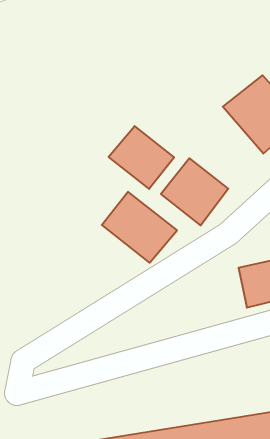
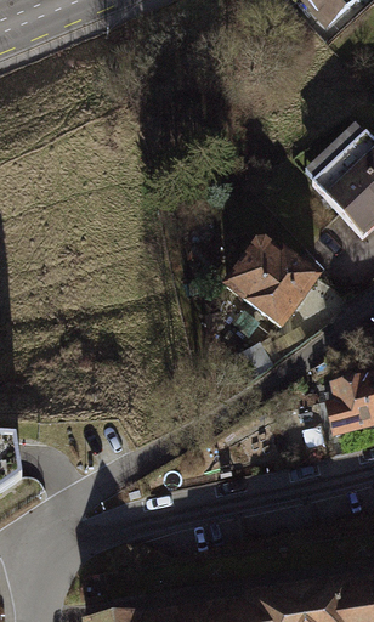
building: [109,126,174,189] -> none
building: [102,192,177,263] -> none

